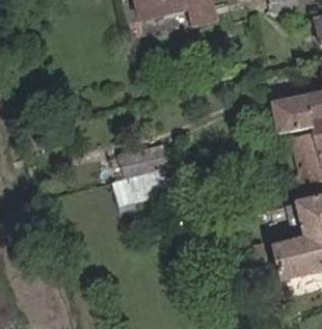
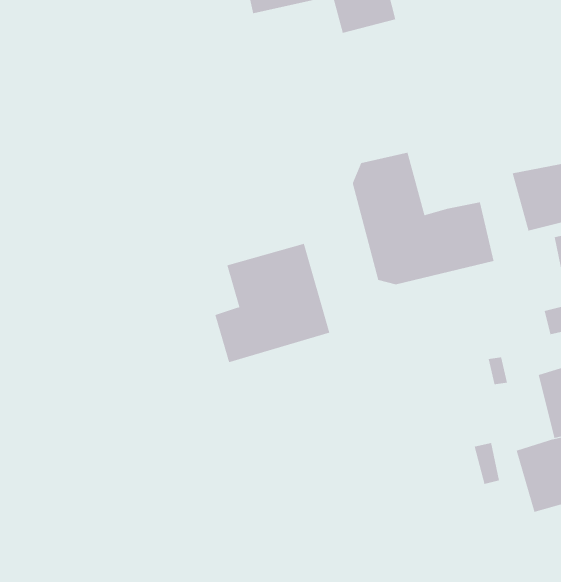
building: none -> [352,152,494,285]

